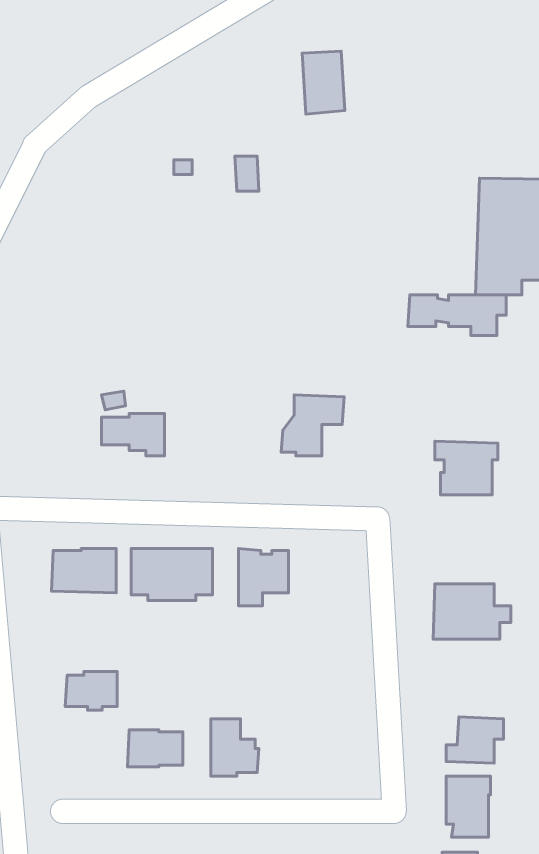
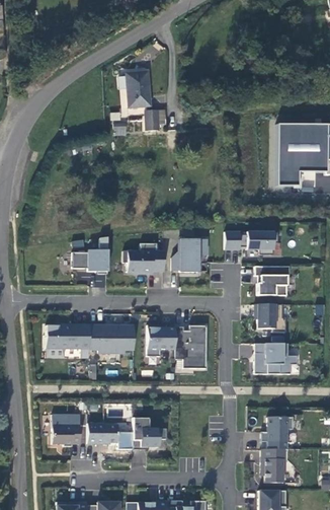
building: [302,51,345,114] -> [126,71,149,105]
building: [408,295,506,336] -> [225,236,278,259]
building: none -> [123,242,164,273]
building: none -> [250,303,275,332]
building: none -> [175,324,208,368]
building: [65,671,117,710] -> [52,424,80,445]

